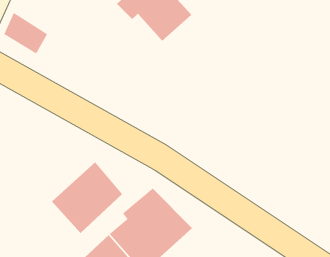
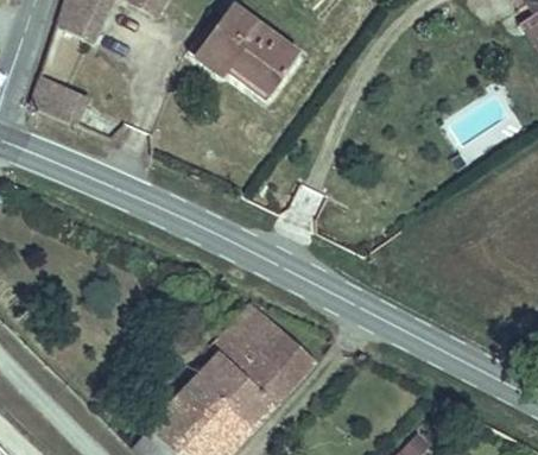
building: [51,162,123,234] -> none

